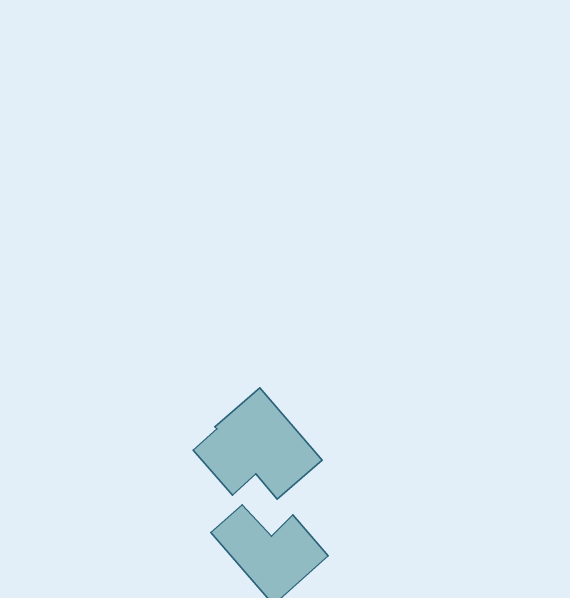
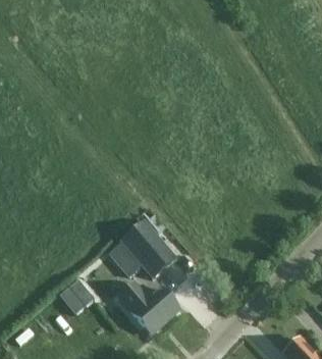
building: none -> [59,277,94,312]

